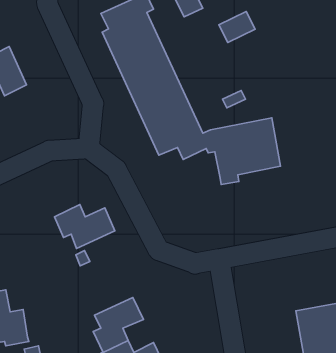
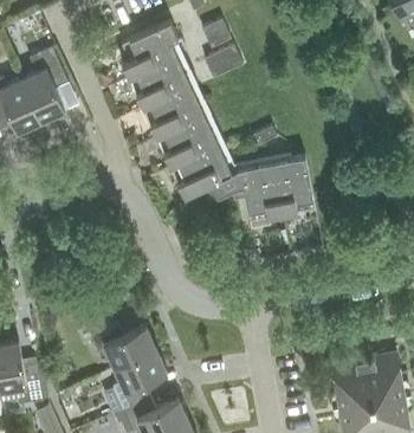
building: [219,12,255,42] -> [203,45,242,78]
building: none -> [21,47,67,121]
building: [55,205,115,248] -> [90,322,155,369]

